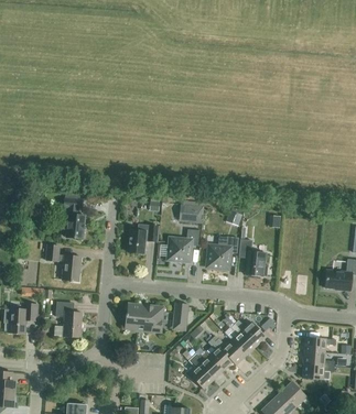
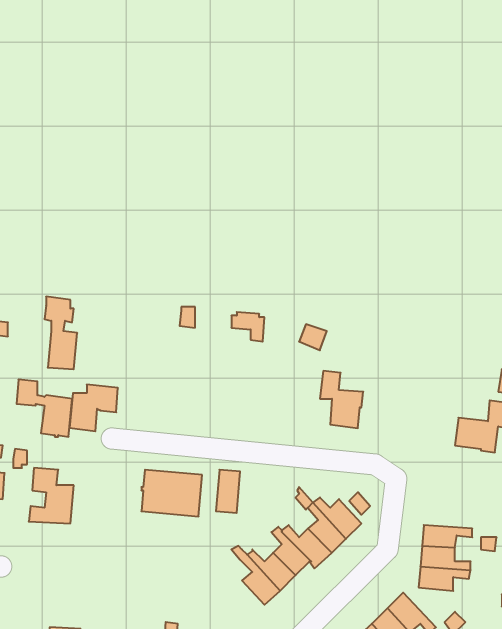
building: [128,225,159,254] -> [69,385,118,431]
building: [168,230,199,262] -> none
building: [207,237,239,270] -> none

